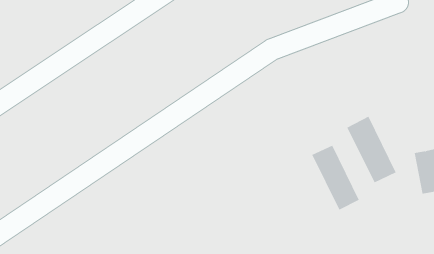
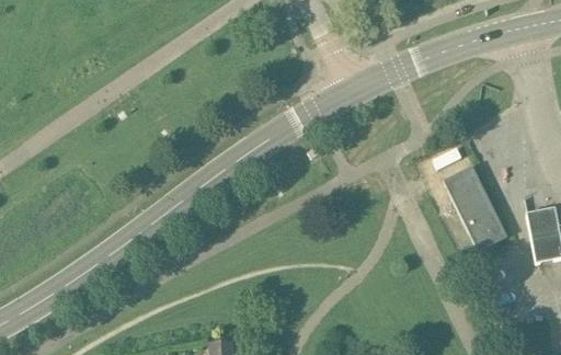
building: [311,145,359,211] -> none

